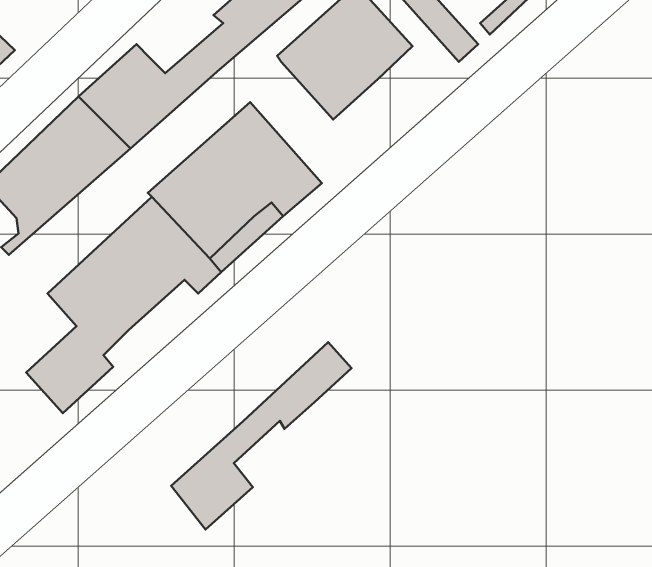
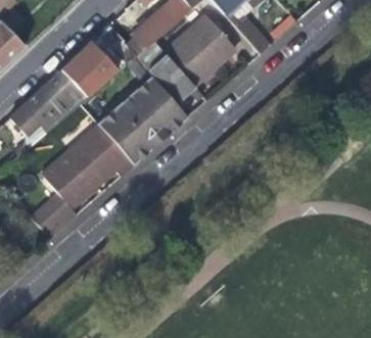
building: none -> [148,52,197,102]
building: [171,342,351,529] -> none

